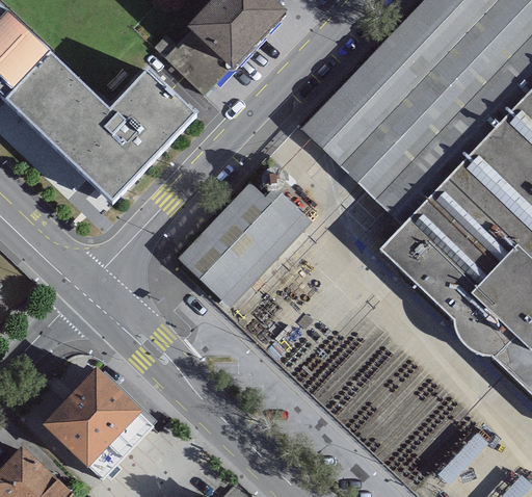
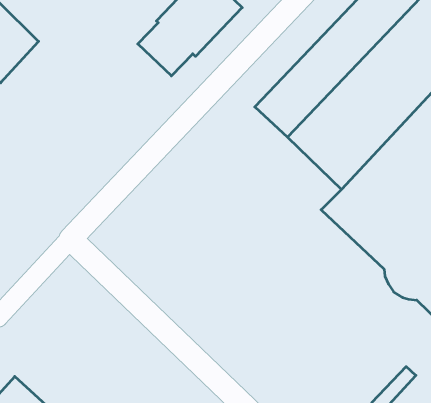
building: [7,54,194,201] -> none
building: [178,182,311,307] -> none
building: [42,368,141,467] -> none

